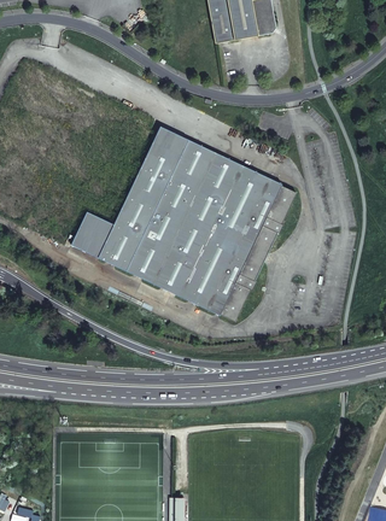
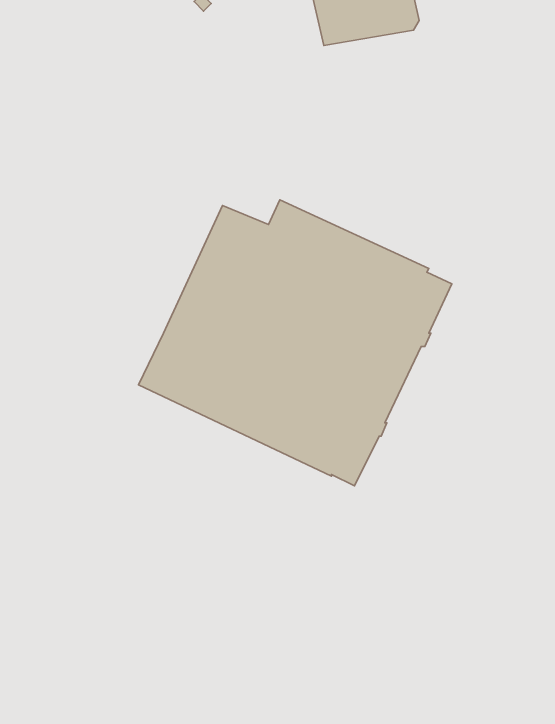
building: [152,127,188,156] -> none
building: [72,212,115,257] -> none

